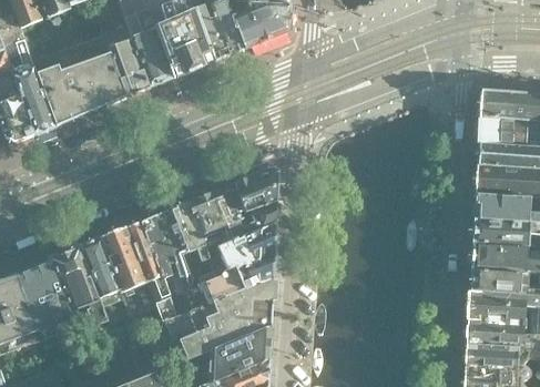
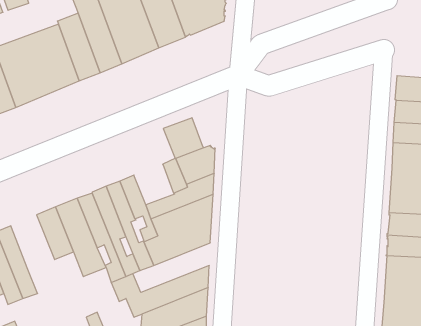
building: [187,189,233,234] -> [163,118,204,158]
building: [50,245,109,325] -> none
building: [186,276,273,332] -> none

